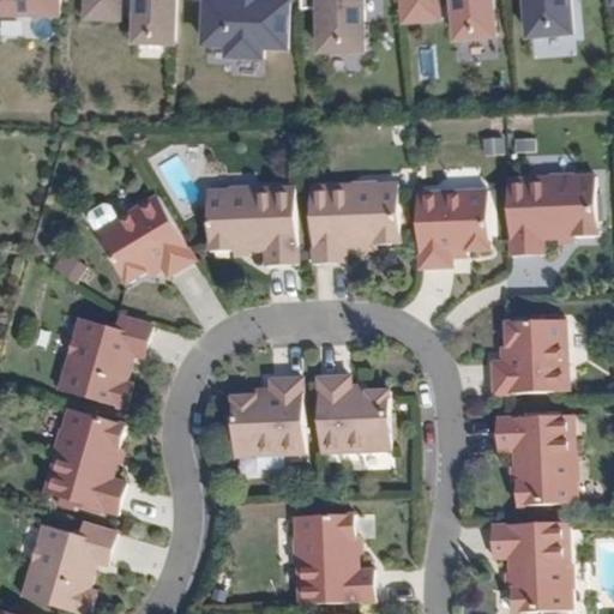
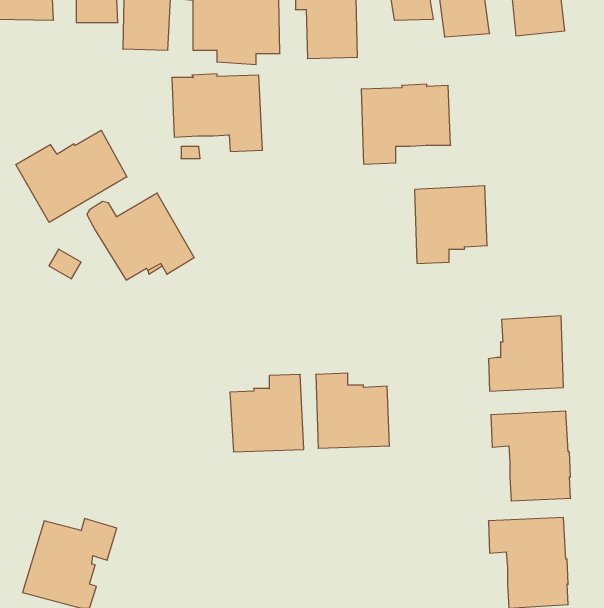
building: none -> [16,130,127,222]
building: [507,173,598,254] -> none
building: [311,181,401,261] -> [361,84,451,164]
building: [207,186,299,264] -> [172,74,262,151]
building: [59,314,154,408] -> none
building: [43,407,126,512] -> none
building: [296,512,377,603] -> none

